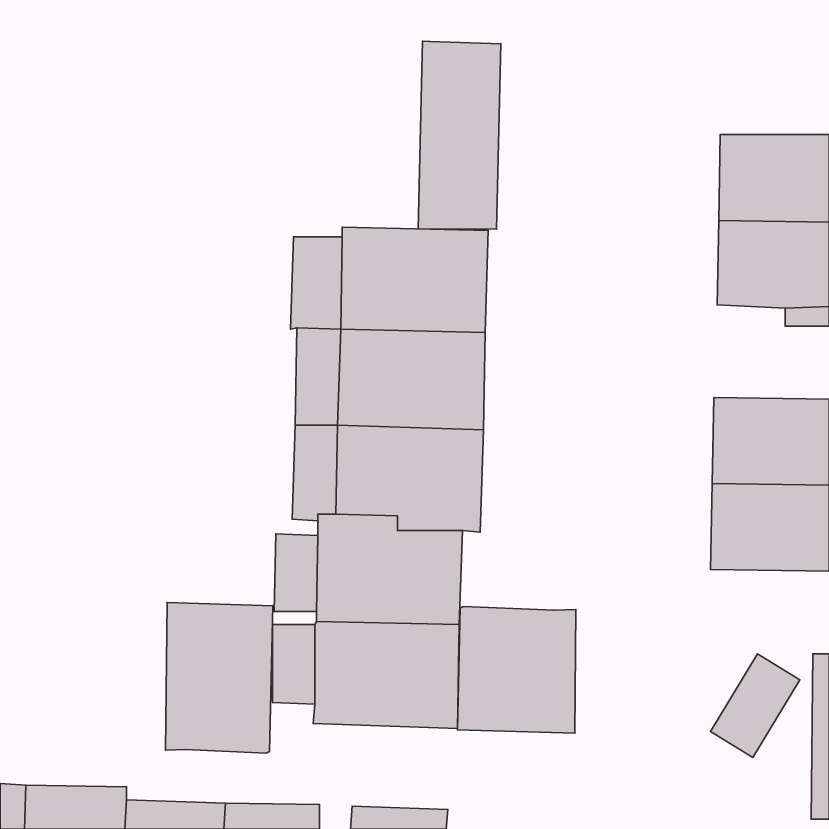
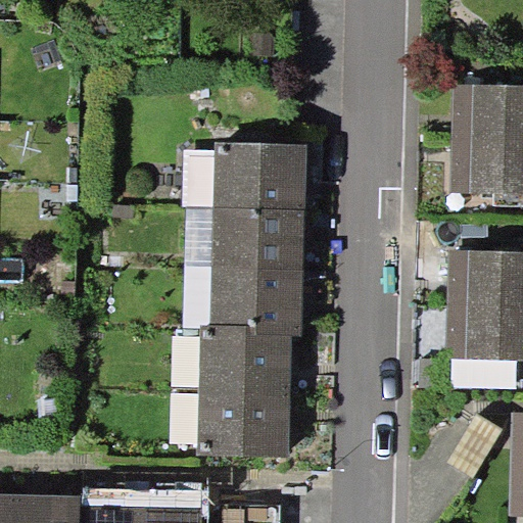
building: [418,41,501,229] -> none
building: [165,603,273,753] -> none
building: [457,607,576,733] -> none

